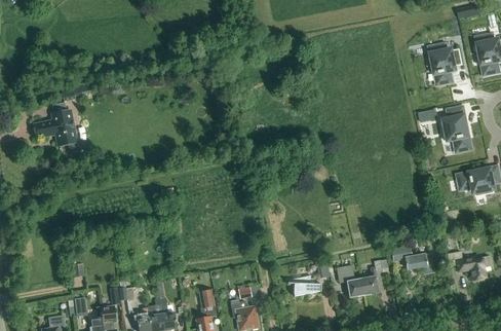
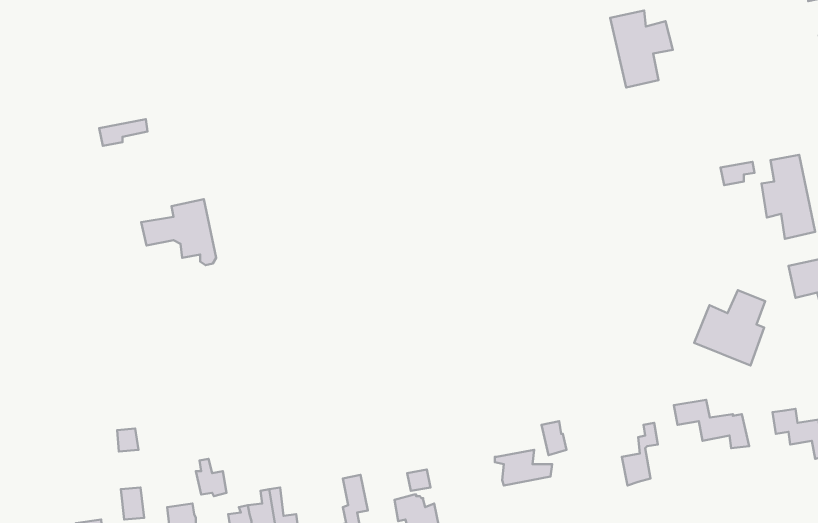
building: [427,42,463,86] -> [610,11,673,87]
building: [34,111,77,149] -> [141,199,216,265]
building: none -> [694,290,765,366]
building: [337,266,364,298] -> none

